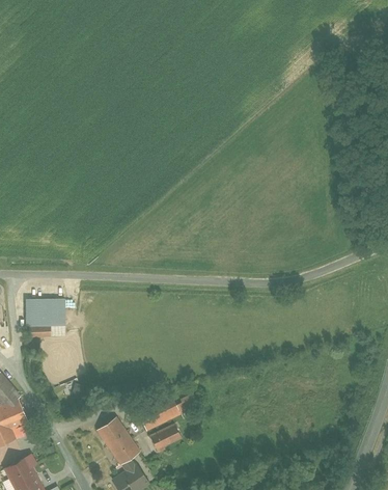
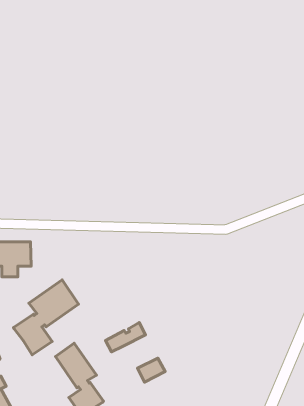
building: none -> [14,280,78,355]
building: [148,424,181,452] -> [137,358,165,382]

